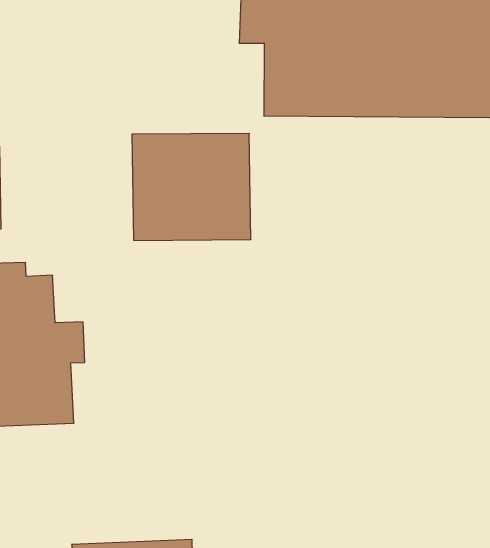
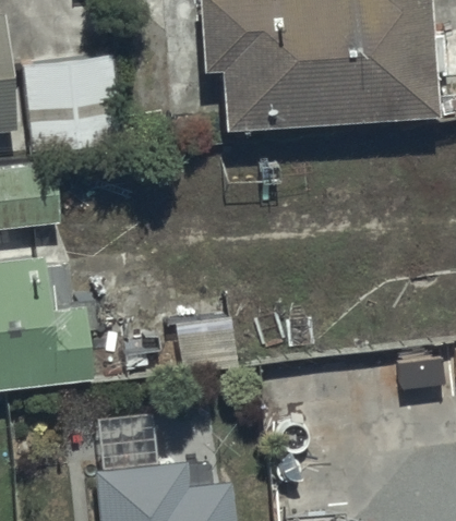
building: [132,133,251,240] -> [25,59,123,148]

